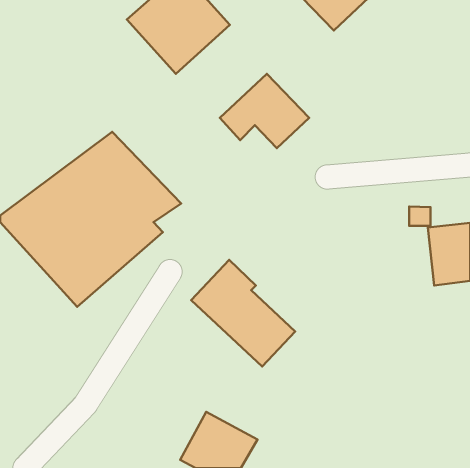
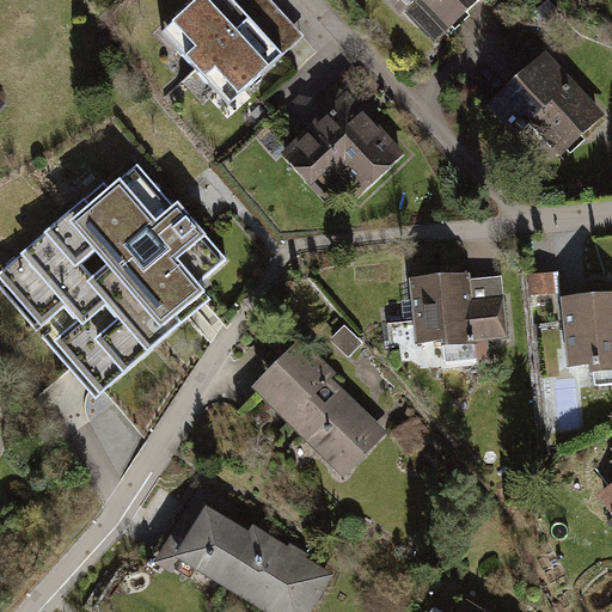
building: none -> [490,54,602,151]
building: none -> [404,268,500,342]
building: none -> [171,501,268,596]

